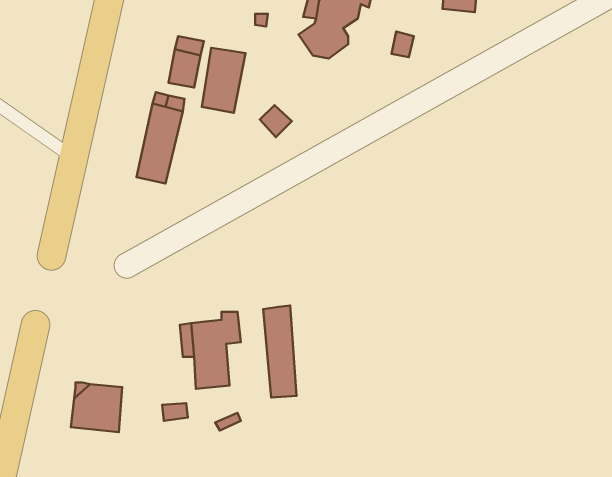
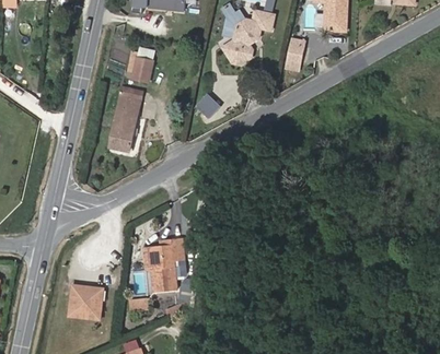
building: [202,48,246,113] -> none
building: [263,306,297,398] -> none

